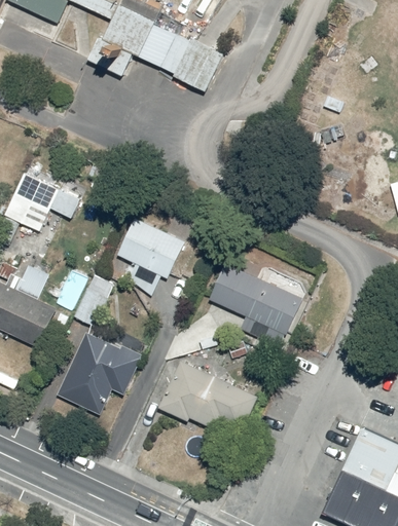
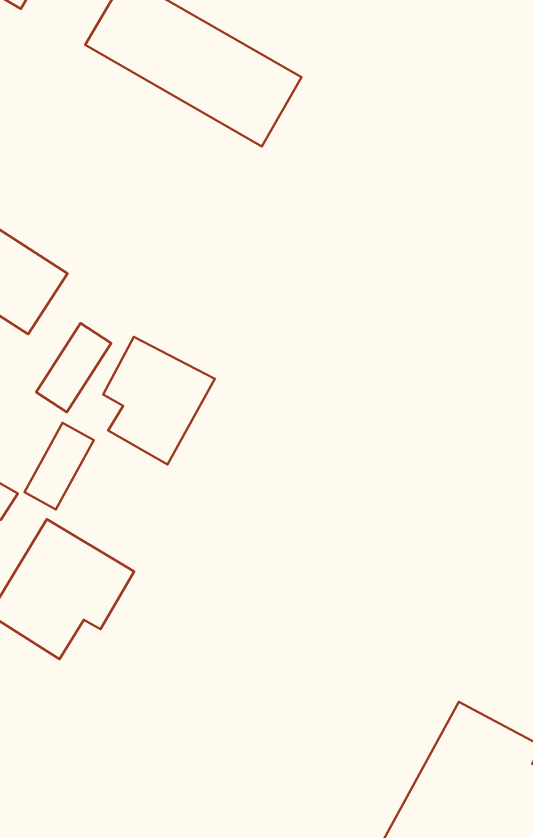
building: none -> [36,323,111,412]
building: [210,262,302,348] -> none
building: [159,355,257,439] -> none

